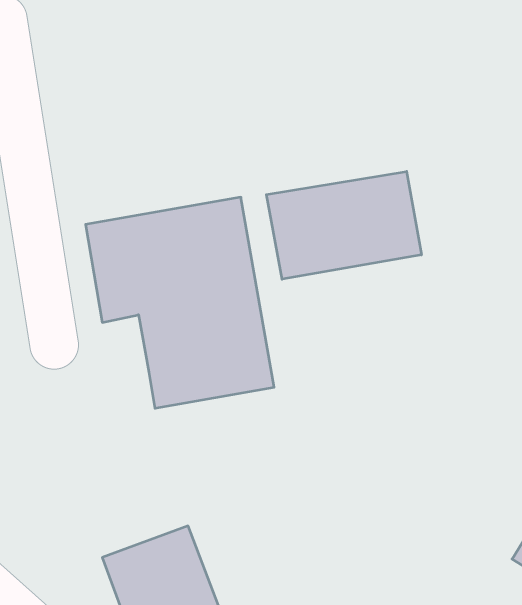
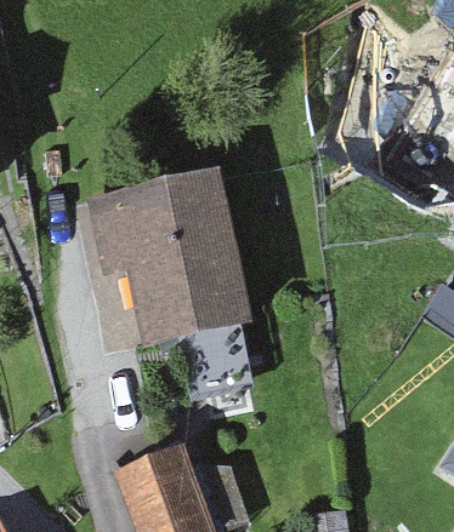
building: [266,171,421,279] -> none

